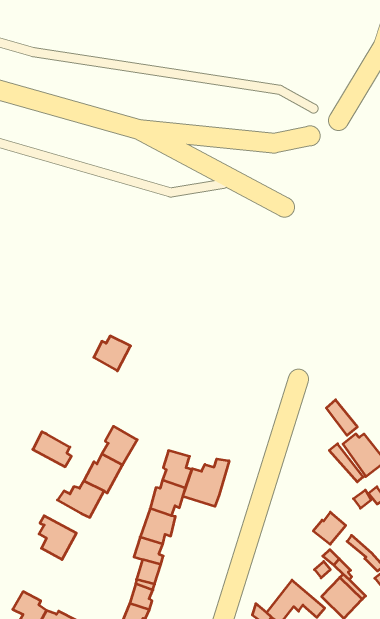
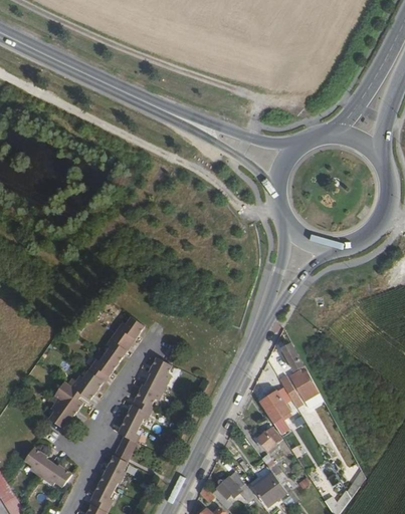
building: [94,336,131,371] -> [119,319,148,346]
building: [33,432,71,467] -> [55,379,83,409]
building: [183,459,229,506] -> none
building: none -> [259,389,288,422]

